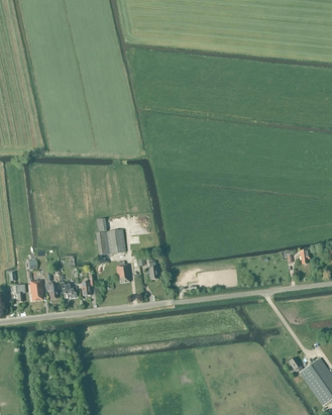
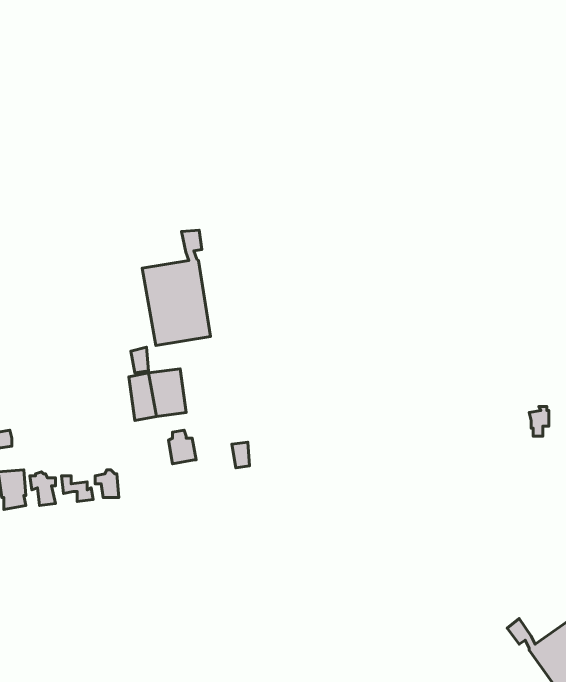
building: none -> [142,230,211,345]

